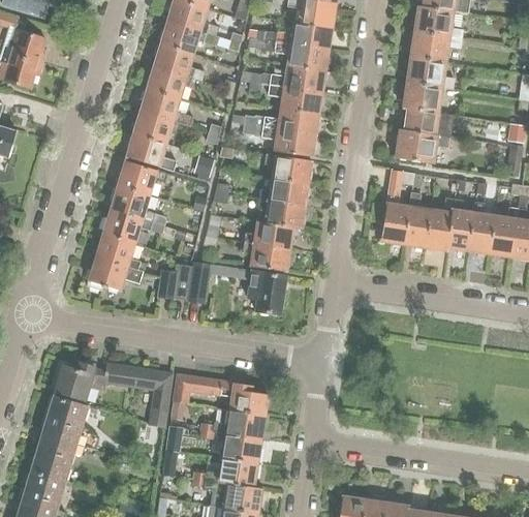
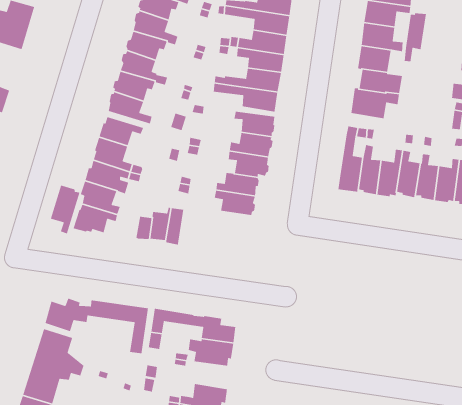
building: none -> [404,12,427,62]
building: none -> [50,184,80,234]
building: [240,268,286,314] -> none
building: [220,433,261,463] -> none

